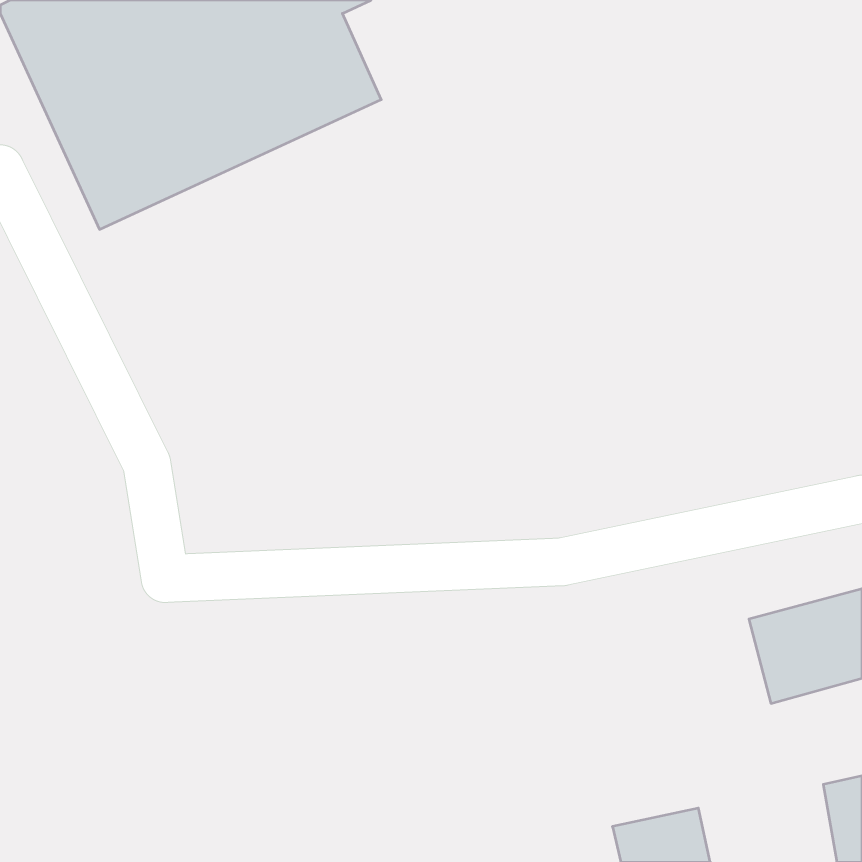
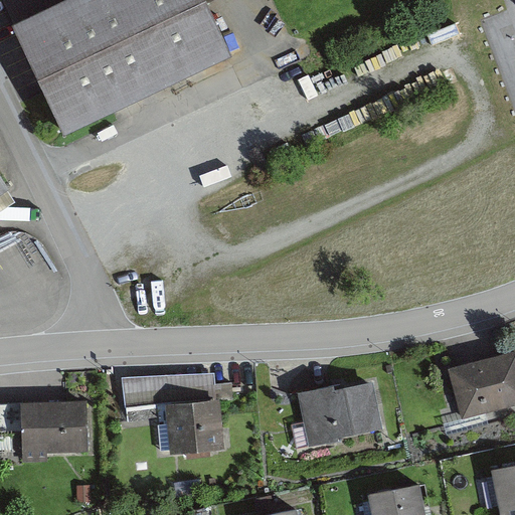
building: none -> [125,374,225,452]
building: none -> [298,381,382,445]
building: none -> [21,401,87,455]

